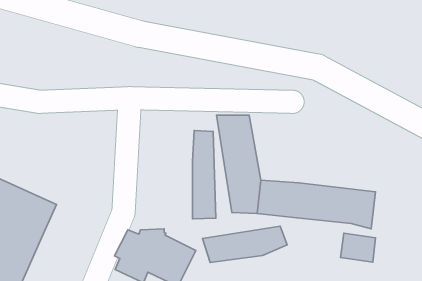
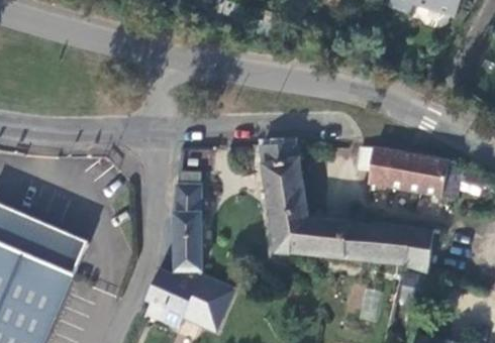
building: none -> [356,149,461,200]
building: [192,131,216,219] -> [174,173,200,271]
building: [202,226,287,262] -> none

